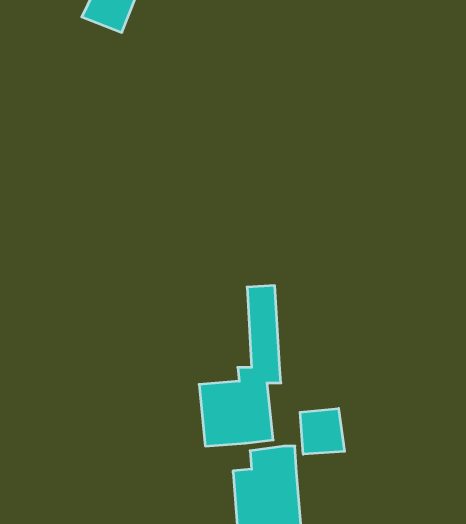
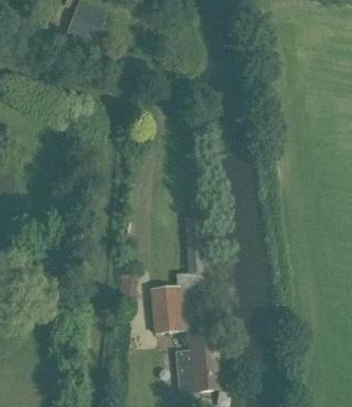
building: [300,408,345,454] -> none

